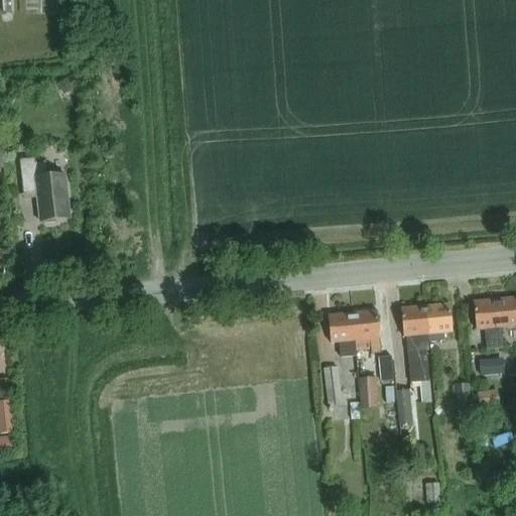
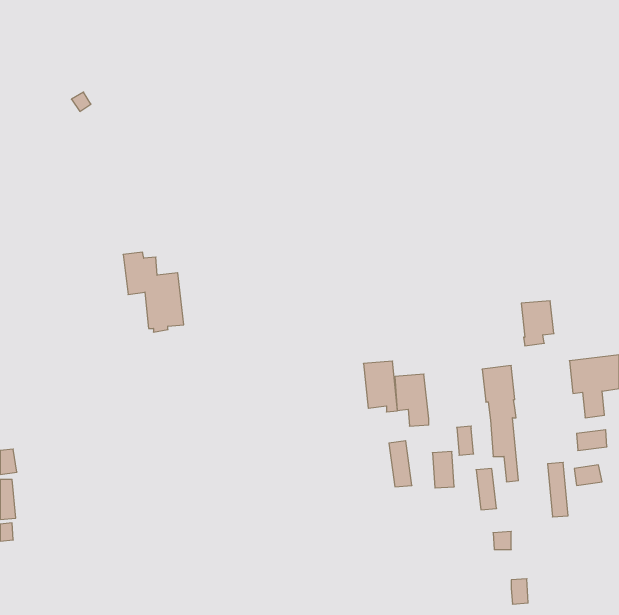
building: [19,156,70,223] -> [123,252,184,332]
building: [425,302,453,340] -> [521,301,554,346]
building: [353,309,381,352] -> [363,361,397,412]

